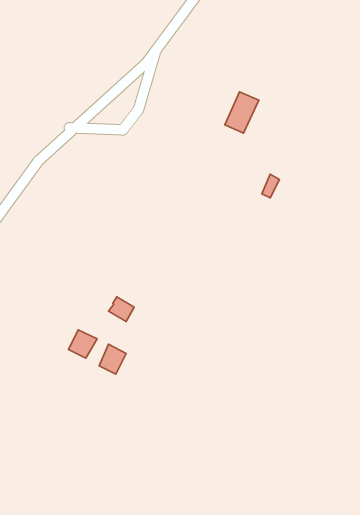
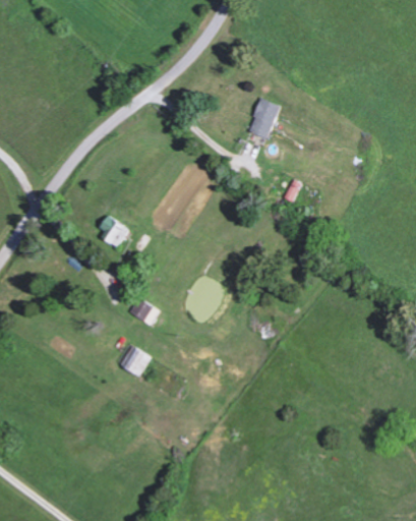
building: none -> [98,215,128,247]
building: [68,330,97,358] -> none

